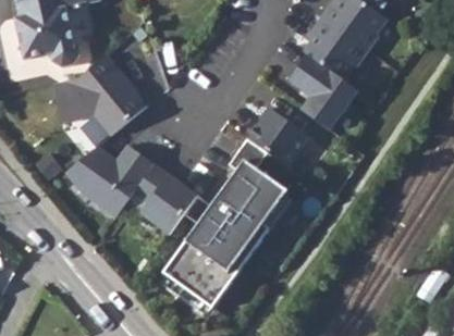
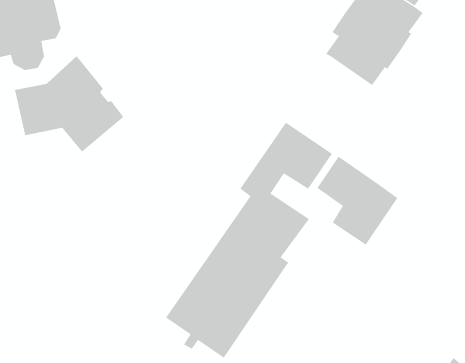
building: [293,57,363,133] -> [316,156,398,245]
building: [71,152,205,240] -> none

